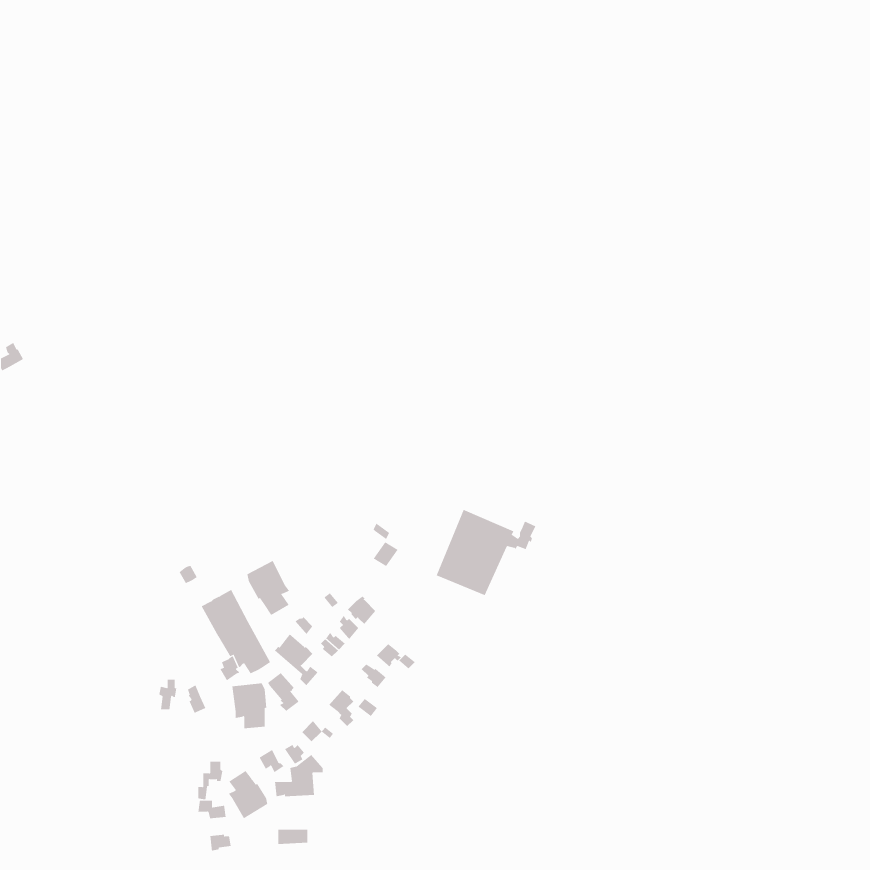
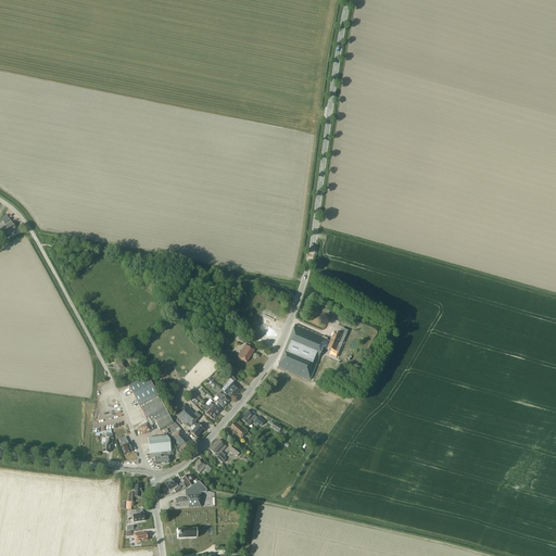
building: [247,560,290,616] -> none
building: [228,770,268,819] -> none

